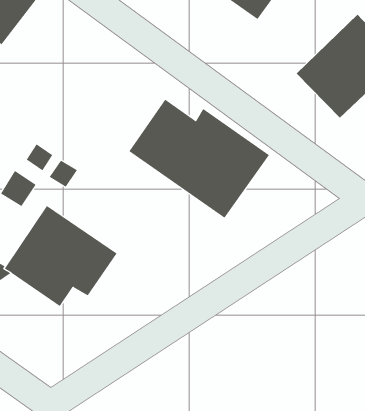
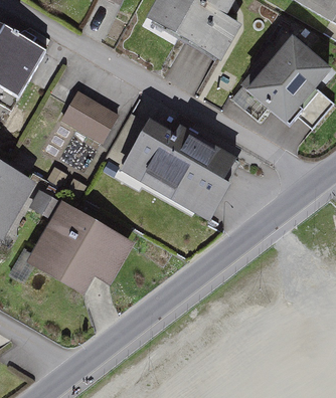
building: none -> [63,91,117,141]

